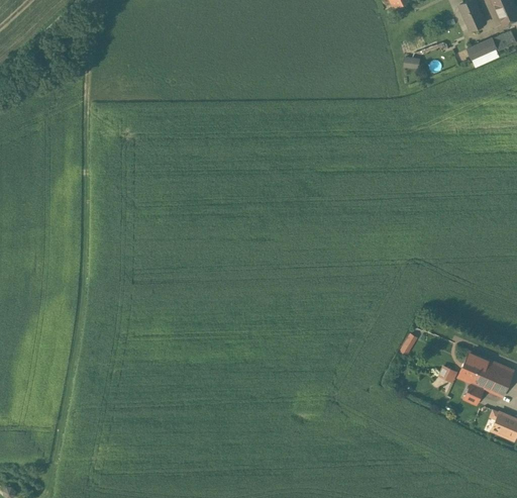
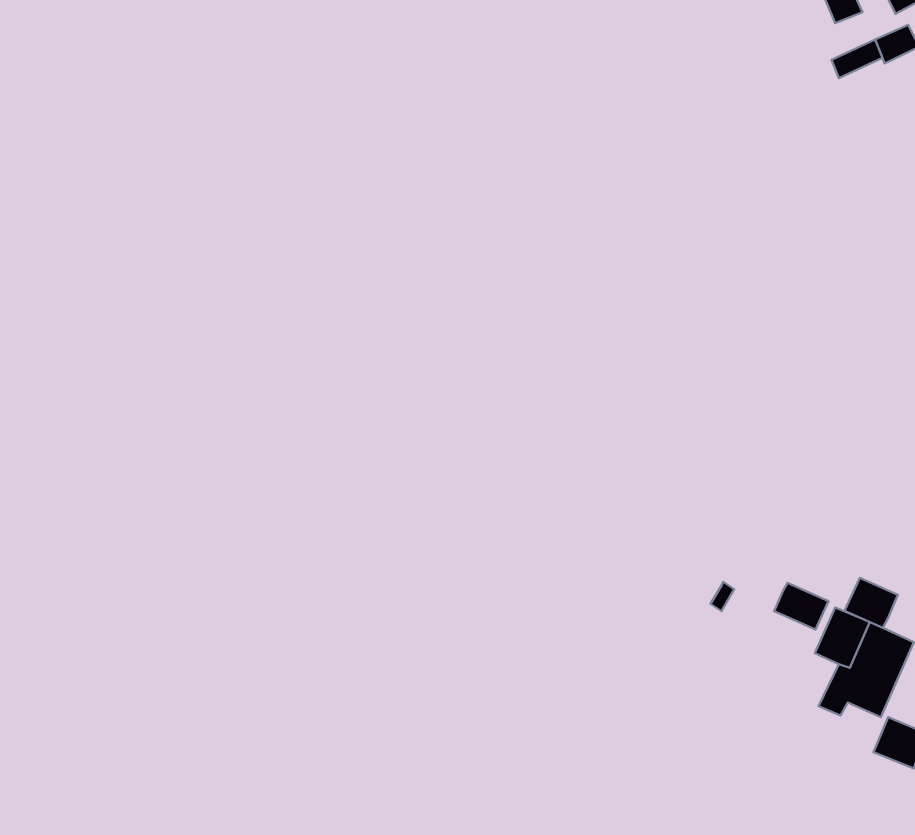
building: none -> [845,578,898,628]
building: none -> [774,583,829,629]

